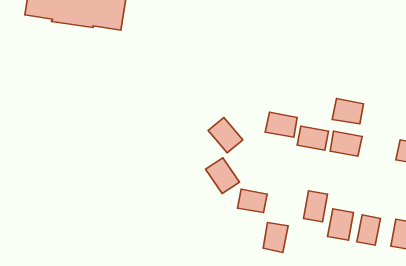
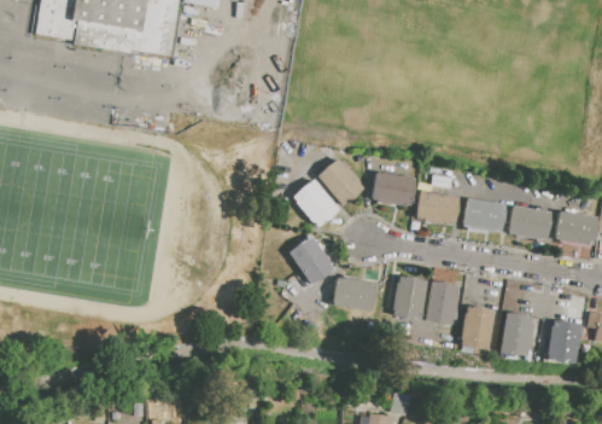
building: [332,99,363,124] -> [508,204,551,239]
building: none -> [317,156,366,205]
building: [263,222,288,253] -> [393,277,428,319]

